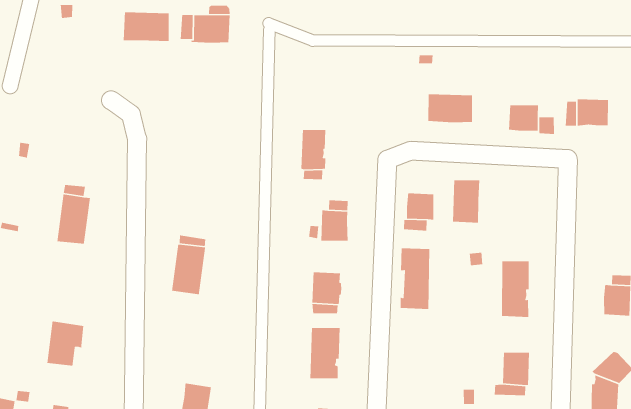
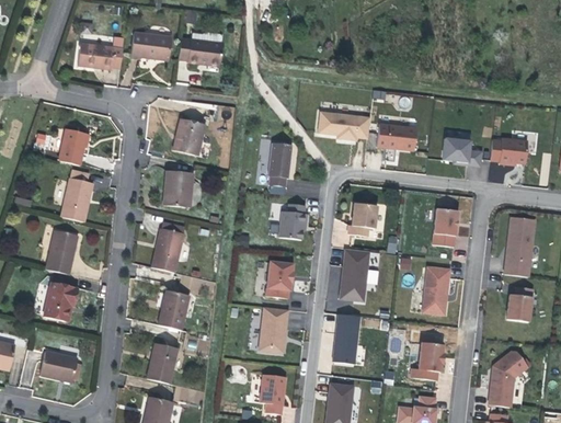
building: none -> [78,43,123,70]
building: none -> [318,112,369,138]
building: none -> [173,118,205,155]
building: none -> [58,128,87,164]
building: none -> [164,170,193,207]
building: [452,180,480,224] -> [432,208,458,247]
building: none -> [503,217,534,276]
building: none -> [46,230,78,274]
building: none -> [158,290,190,330]
building: none -> [332,313,359,364]

